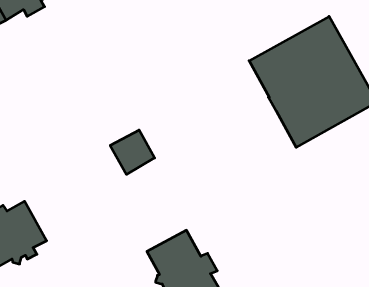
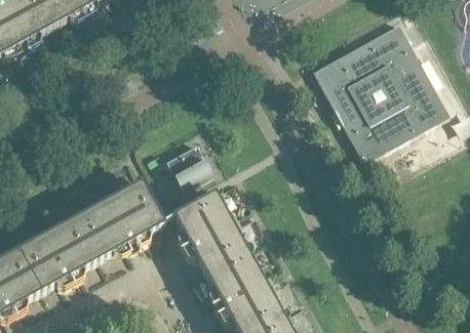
building: none -> [73,181,163,260]
building: none -> [172,192,245,272]

